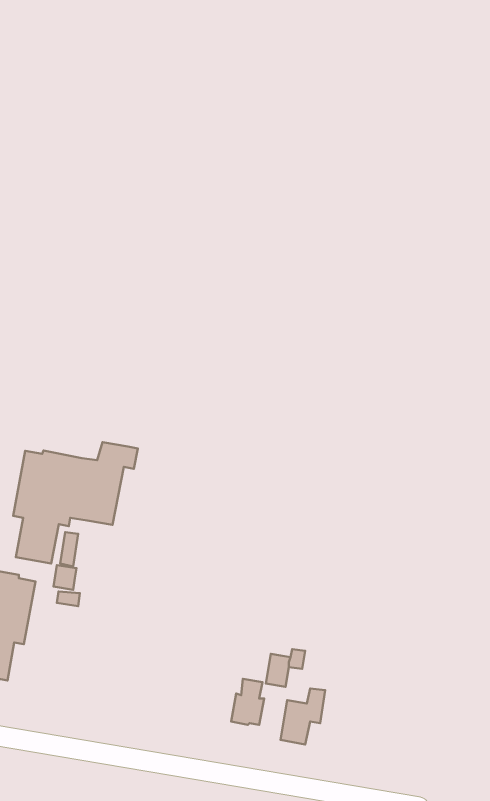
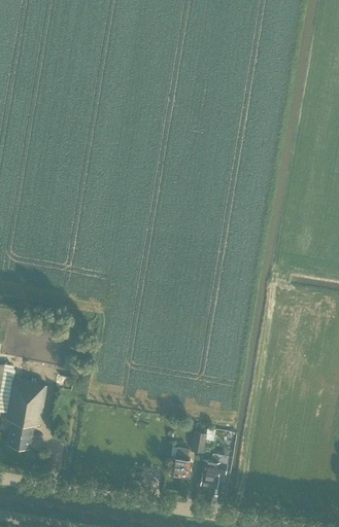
building: [13,442,138,564] -> none

